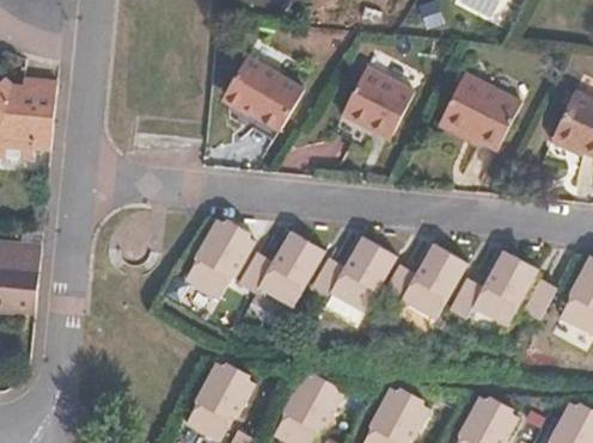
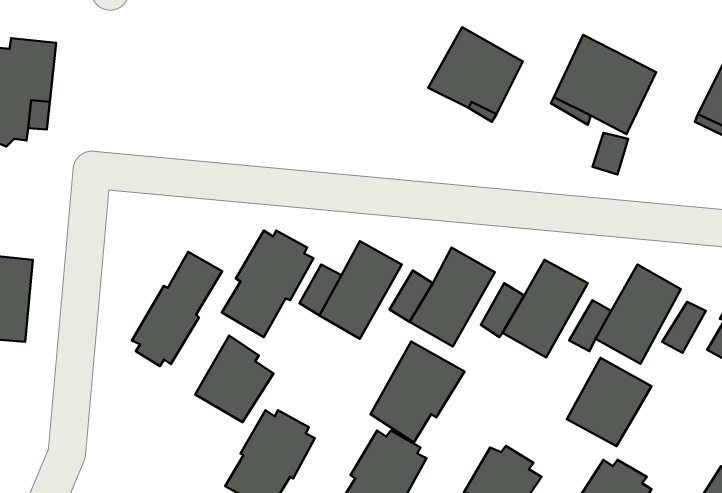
building: [227,53,304,127] -> none
building: none -> [132,252,222,366]
building: none -> [195,336,274,422]
building: none -> [370,341,464,442]
building: none -> [567,358,651,446]

